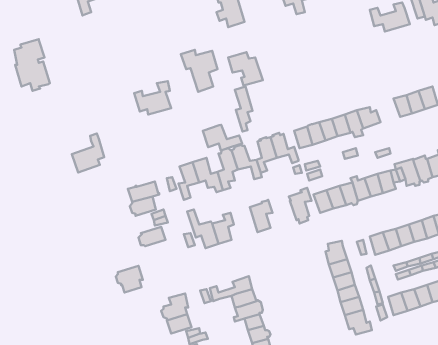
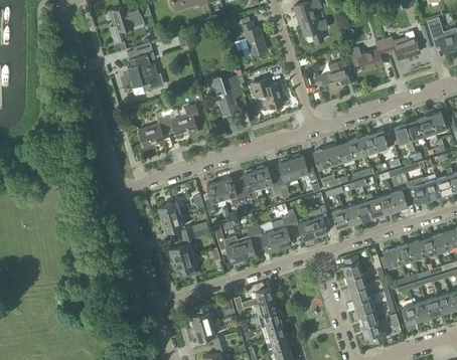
building: none -> [350,39,388,70]
building: none -> [315,60,350,91]
building: [14,39,50,91] -> [128,42,161,91]
building: [235,86,253,132] -> none
building: none -> [390,122,414,150]
building: [203,125,242,151] -> none
building: [72,134,104,172] -> [139,112,169,148]
building: none -> [289,214,315,242]
building: none -> [254,223,279,250]
building: [116,266,143,293] -> [172,253,197,279]

